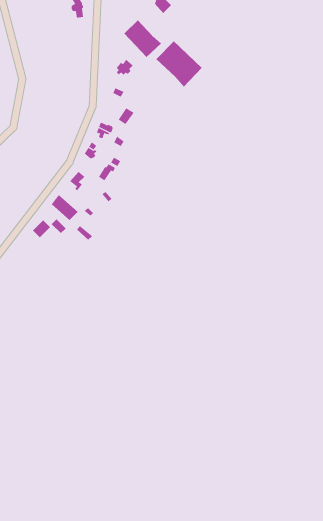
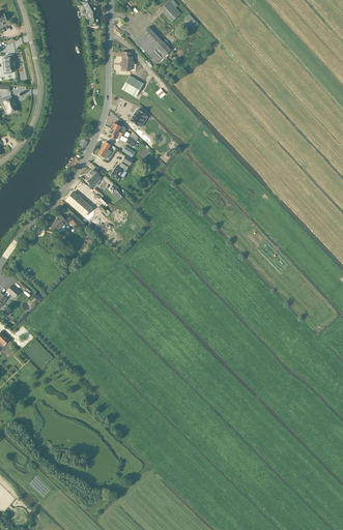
building: [155,40,203,88] -> none

